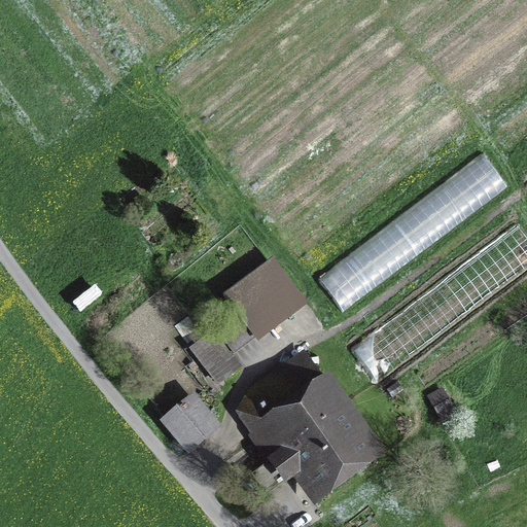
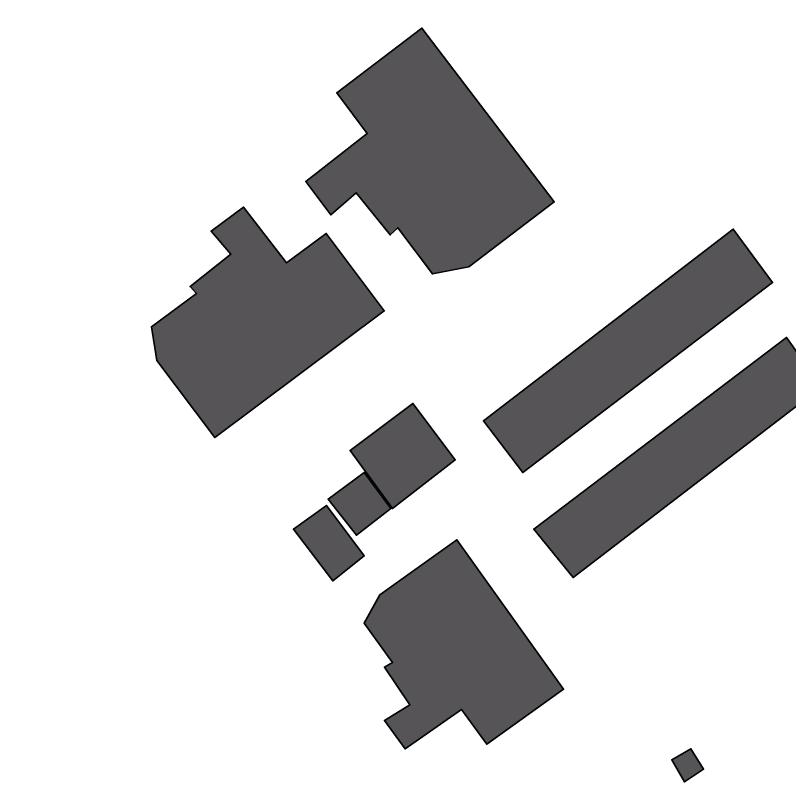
building: none -> [306,28,554,274]
building: none -> [152,207,384,438]
building: [169,396,220,448] -> none

